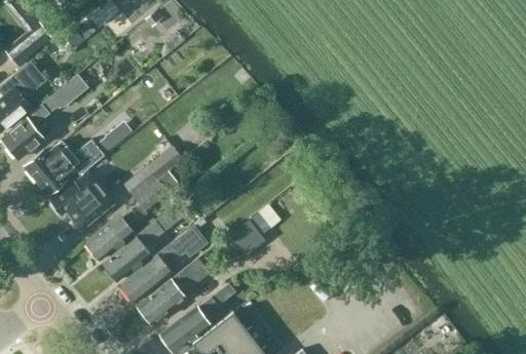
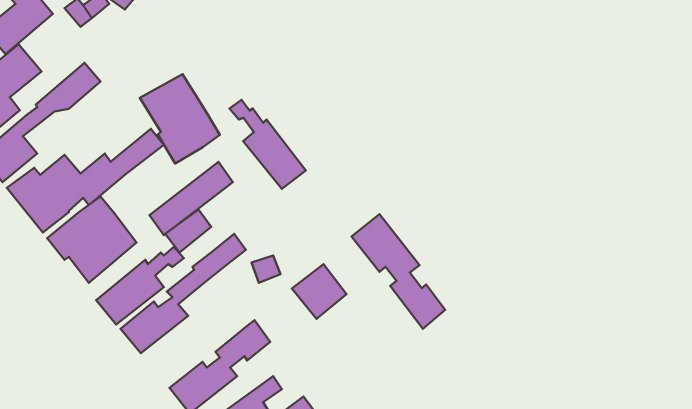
building: none -> [140,74,220,163]
building: none -> [230,100,306,189]
building: none -> [351,214,445,329]
building: [119,226,205,303] -> none

